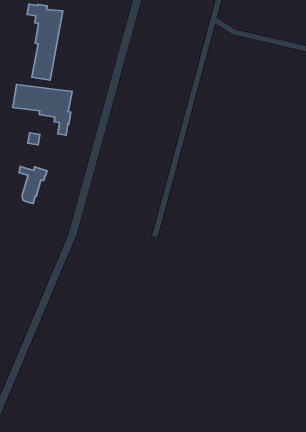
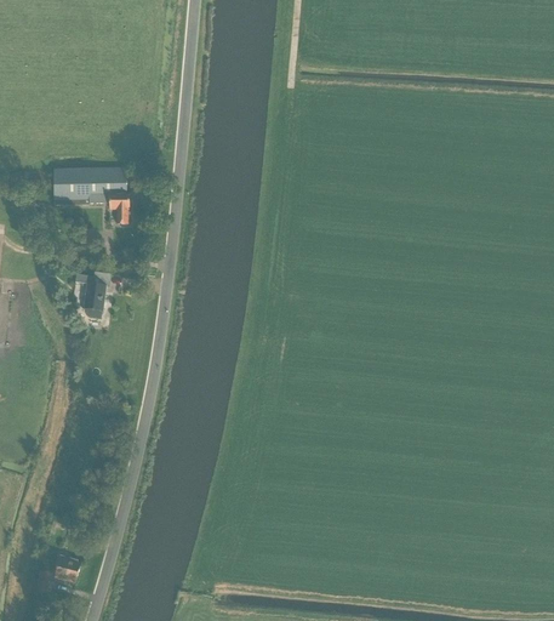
building: [27,4,63,80] -> none

